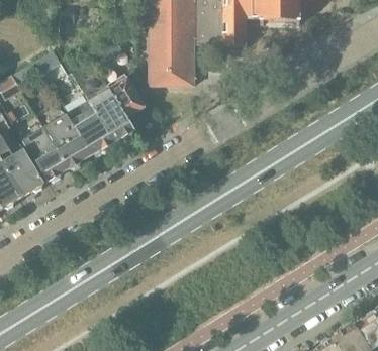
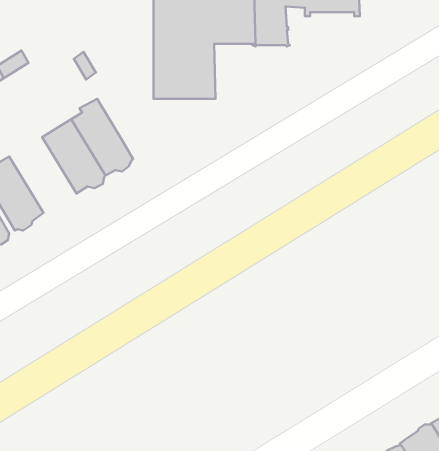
building: [107,74,144,117] -> none
building: [42,113,92,169] -> none

